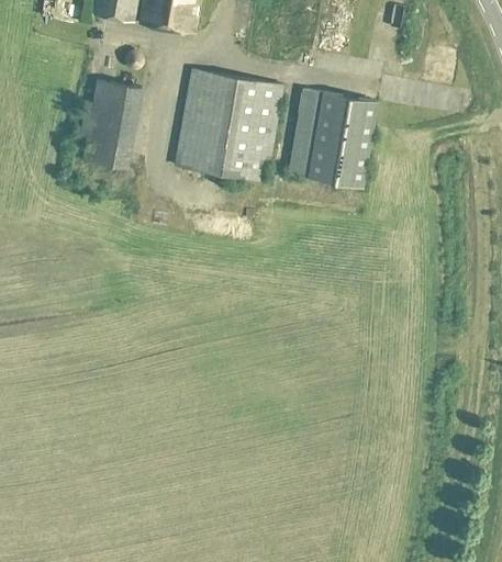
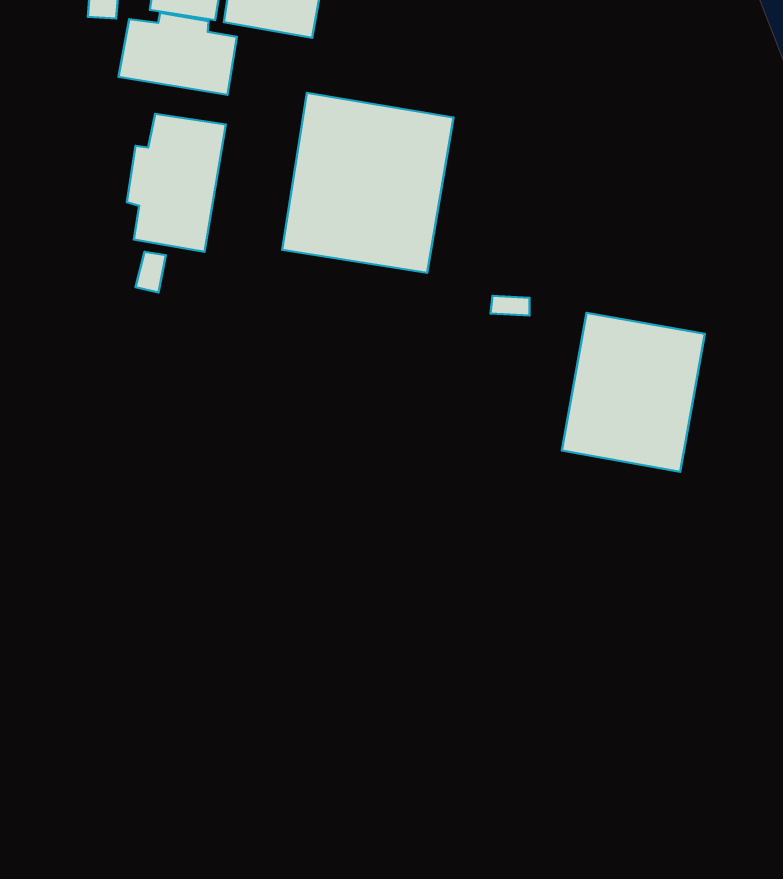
building: none -> [118,13,237,95]
building: [288,88,377,187] -> [562,313,705,472]

